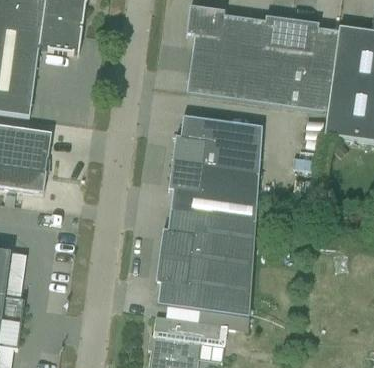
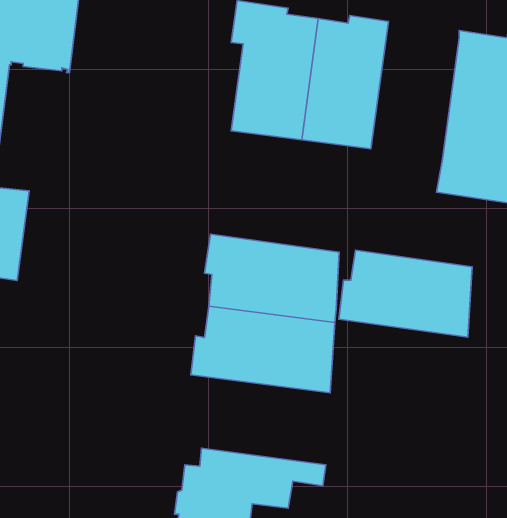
building: [279,19,338,111] -> none
building: [172,115,261,173] -> [339,250,472,337]
building: [155,255,252,315] -> none

